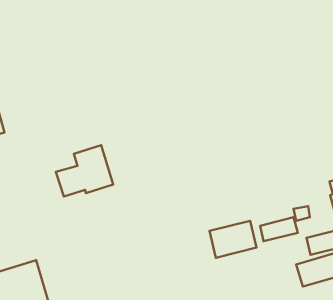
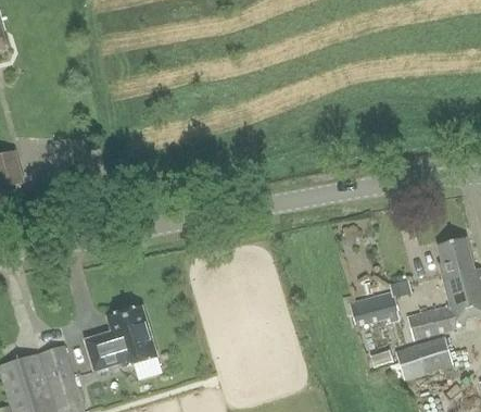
building: [56,145,113,197] -> [85,305,157,371]
building: [210,221,256,258] -> none

